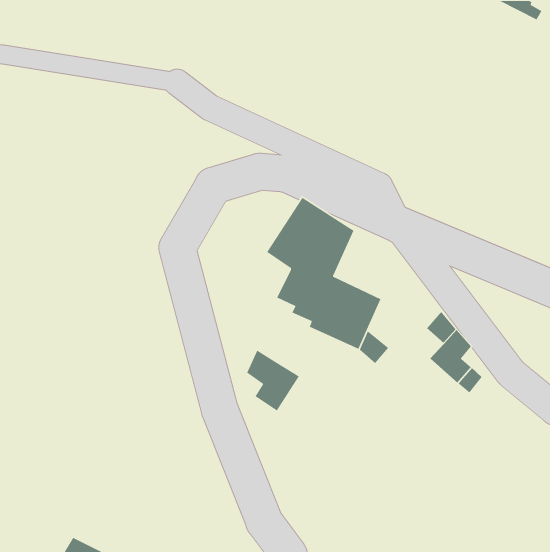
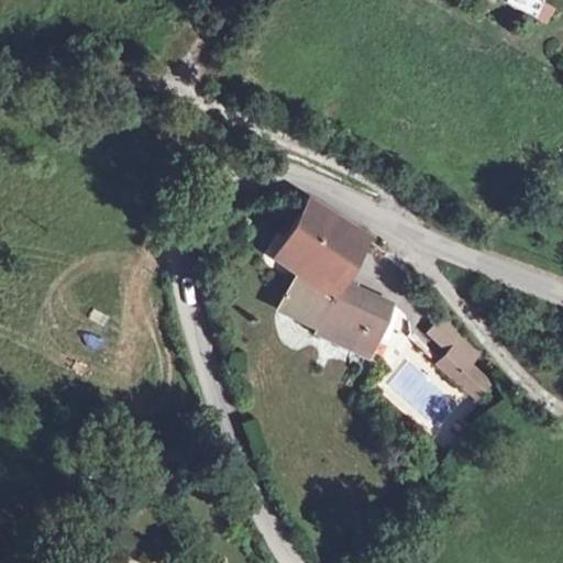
building: [246,350,300,411] -> none

